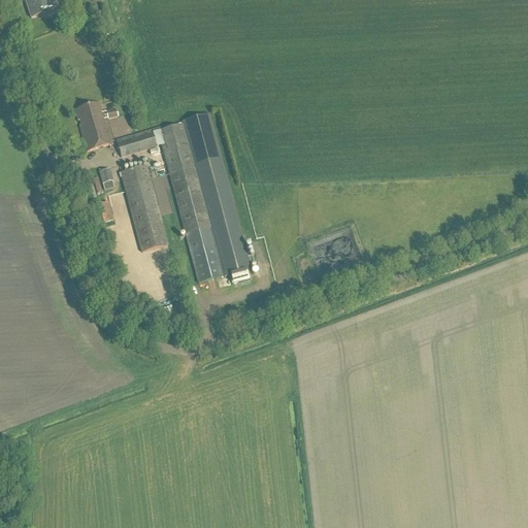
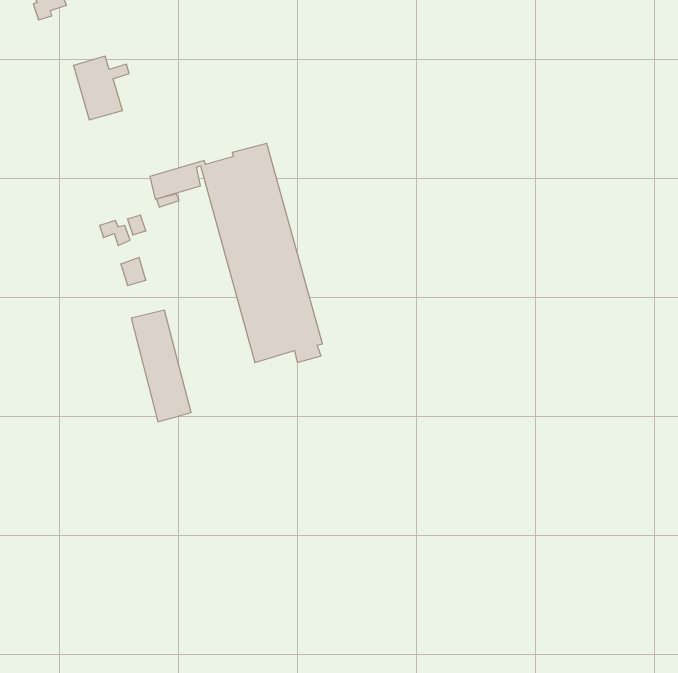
building: [74,100,118,150] -> [73,56,129,120]
building: [121,164,167,251] -> [131,310,191,422]

